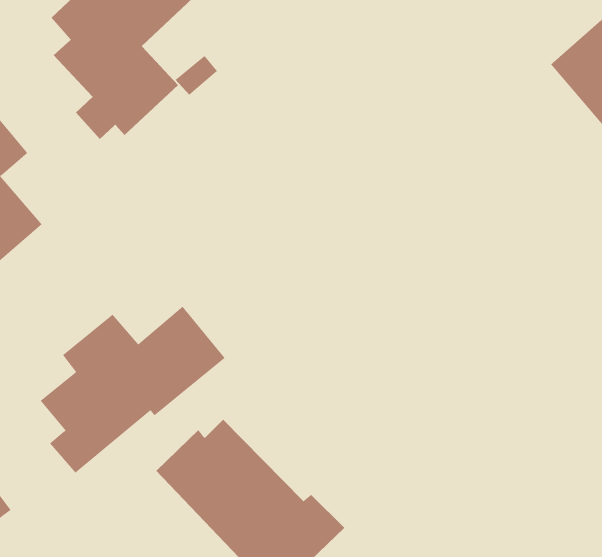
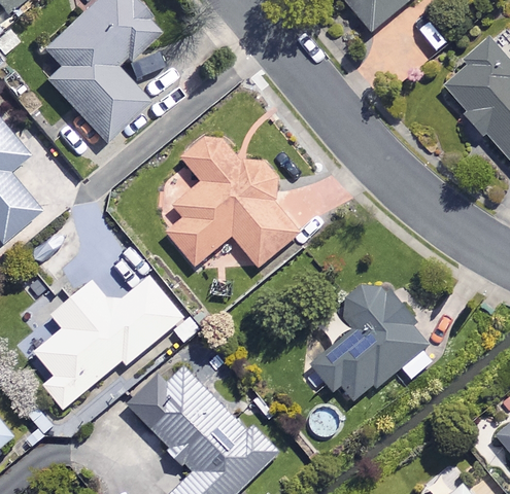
building: none -> [164,129,302,267]
building: none -> [312,283,440,402]

